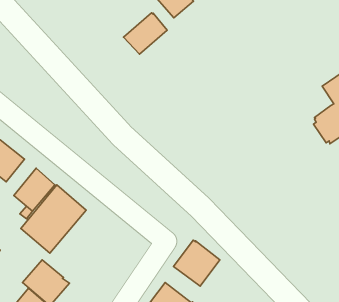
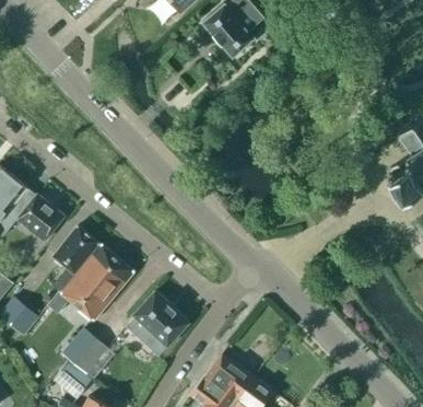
building: [124,13,167,54] -> none
building: none -> [127,292,188,354]
building: [173,240,220,286] -> none

